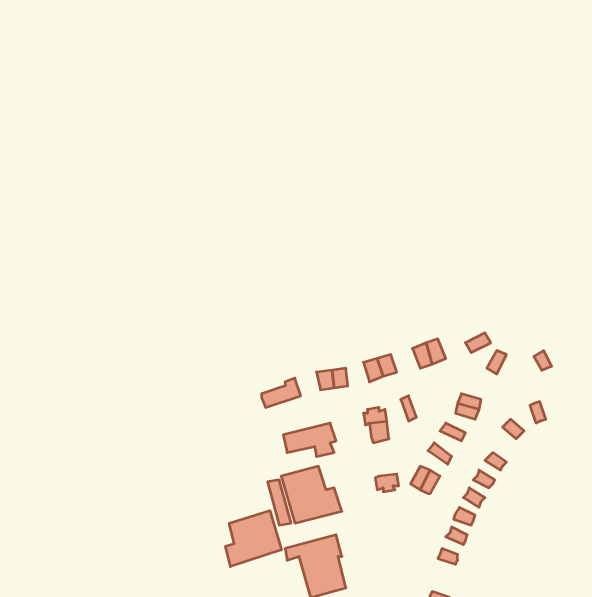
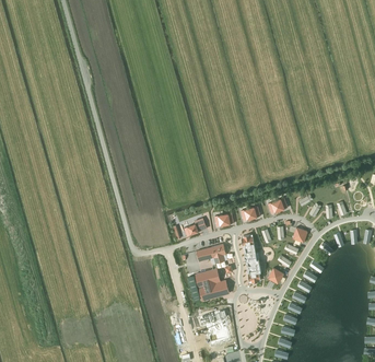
building: [226,511,281,567] -> none

